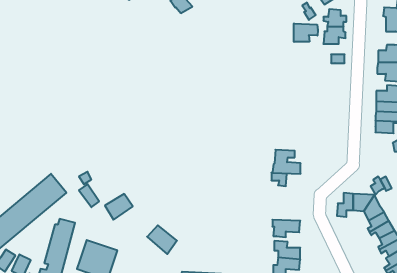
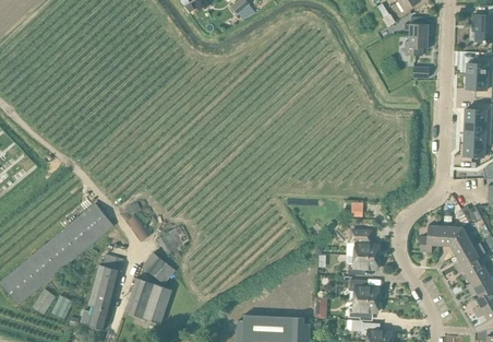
building: [294,23,318,42] -> none
building: [273,150,301,174] -> [347,229,378,257]
building: [147,225,177,254] -> [142,252,176,285]

